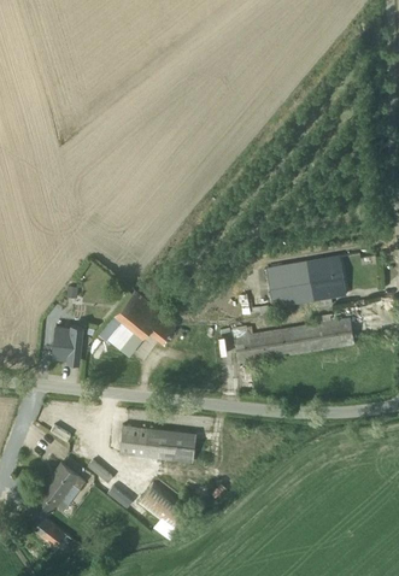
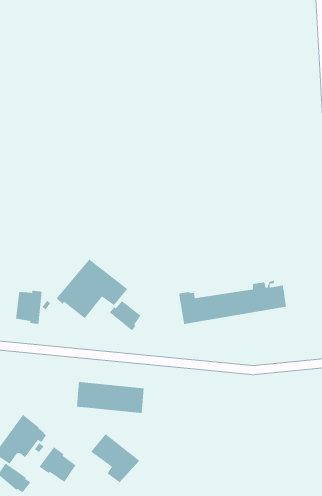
building: [266,257,348,307] -> none
building: none -> [109,300,142,331]
building: none -> [39,446,77,483]

